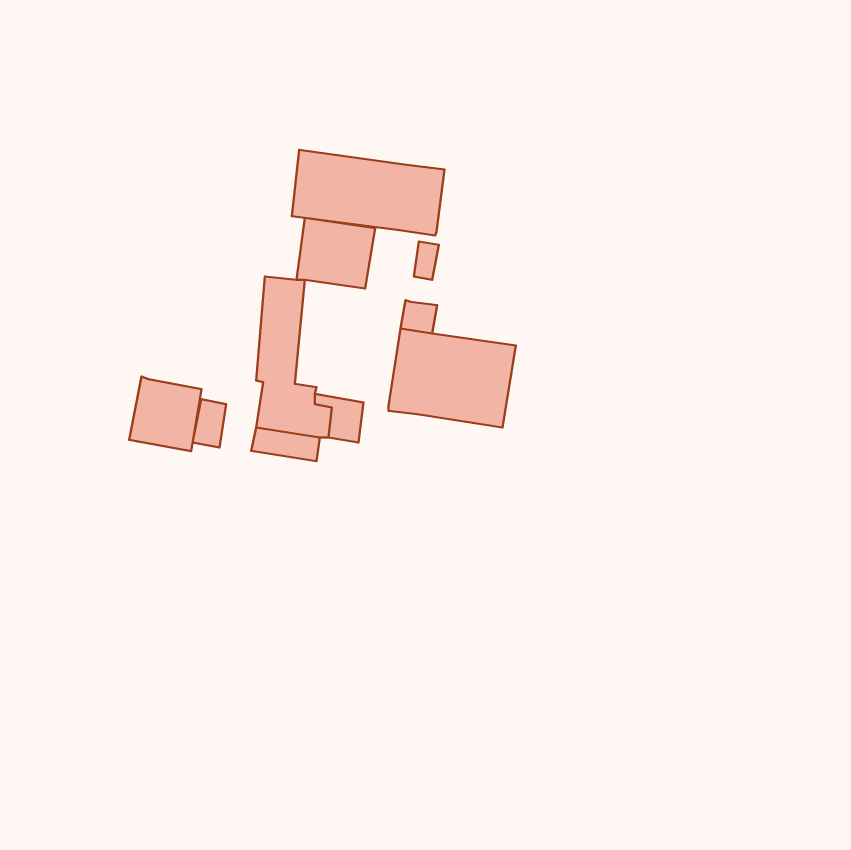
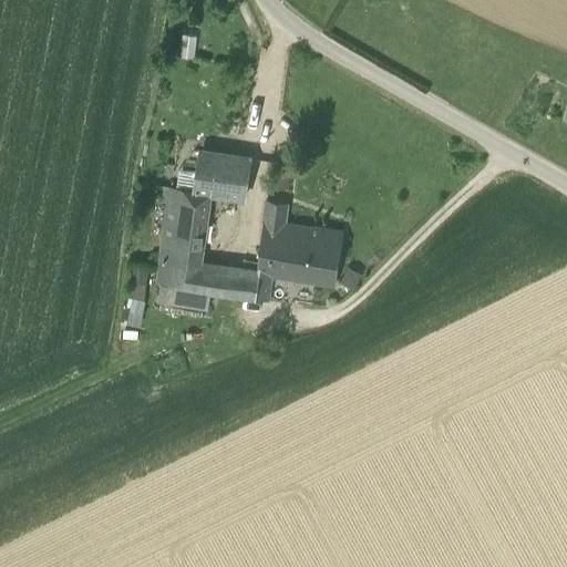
building: [292,150,444,236] -> none
building: [129,377,201,451] -> none
building: none -> [237,270,276,302]

